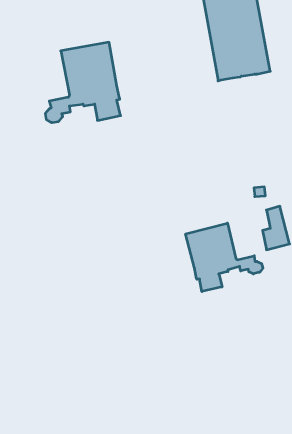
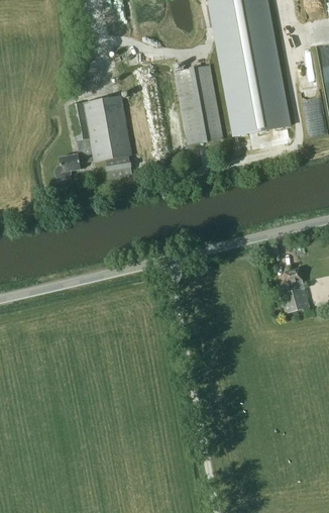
building: none -> [174,65,222,143]
building: [186,223,263,292] -> none

